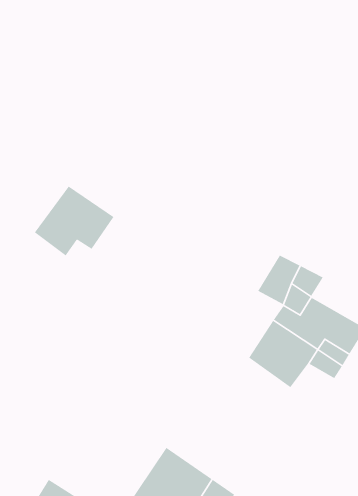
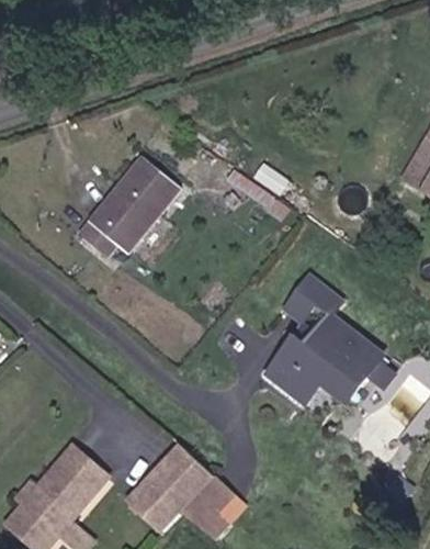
building: none -> [114,158,183,225]

